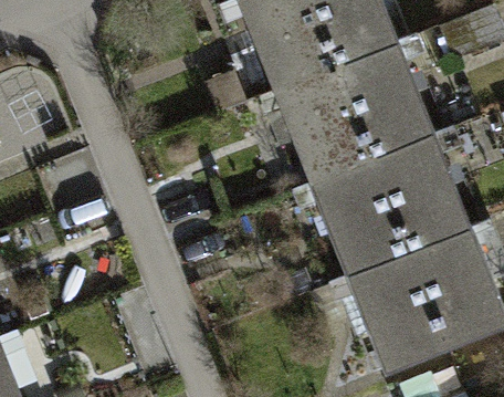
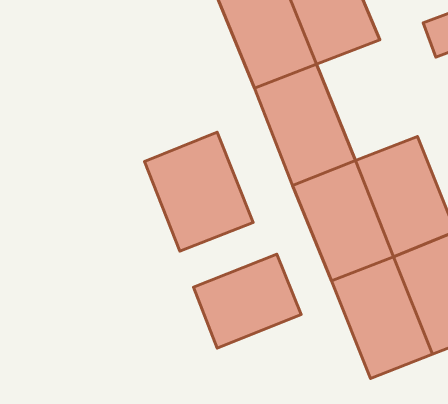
building: [336,40,433,156] -> none
building: none -> [144,132,253,251]
building: none -> [193,254,301,348]

